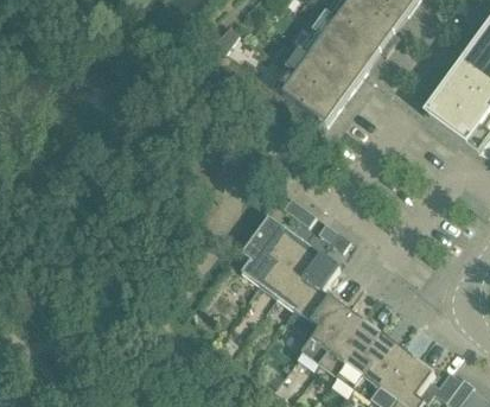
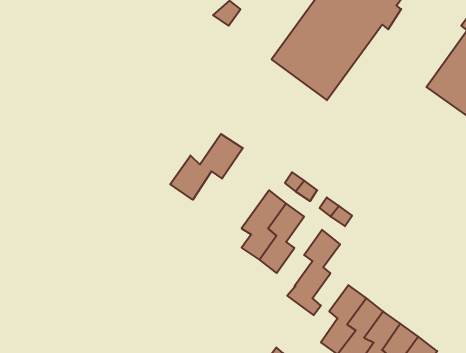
building: none -> [170,134,243,200]
building: [275,239,320,307] -> none
building: [301,294,346,363] -> none

